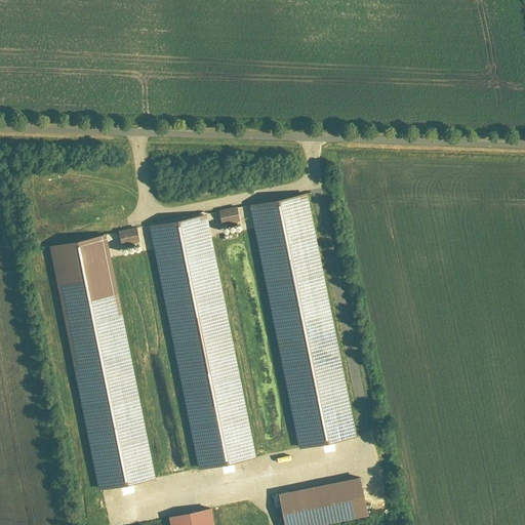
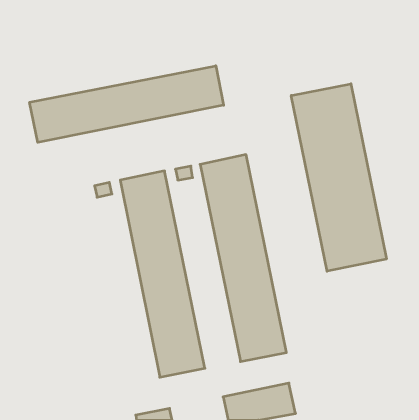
building: none -> [30,66,224,142]
building: none -> [291,84,386,271]
building: [48,234,157,492] -> none

